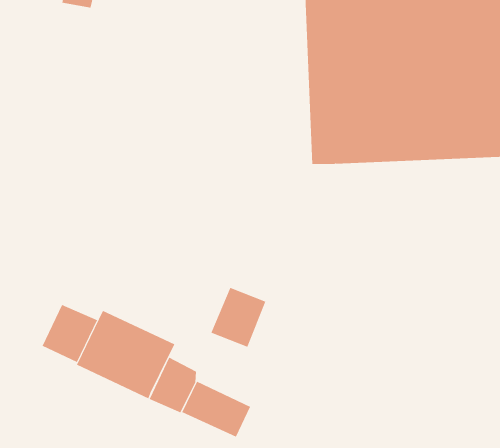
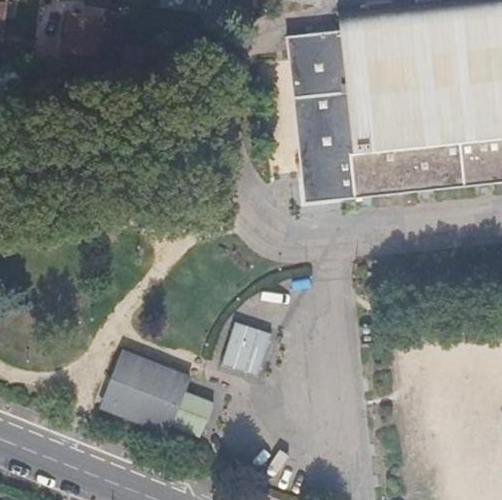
building: [42,304,98,363] -> none
building: [181,381,251,437] -> none

